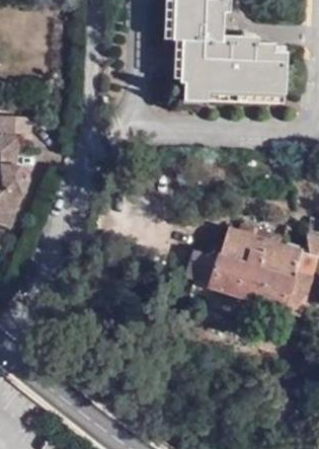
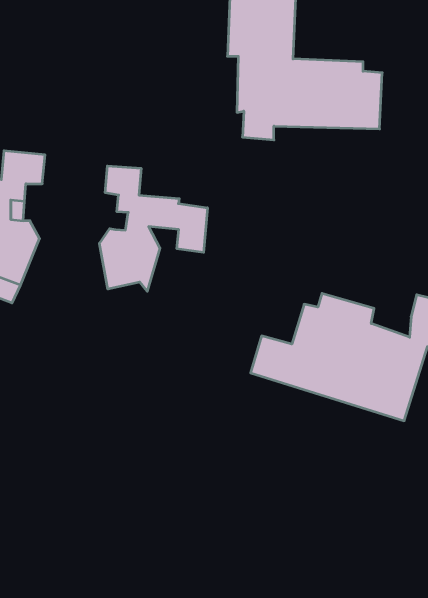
building: none -> [99,166,207,291]

